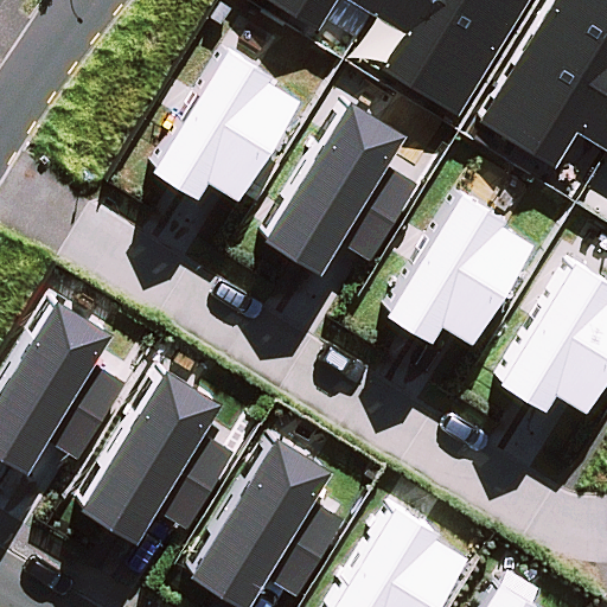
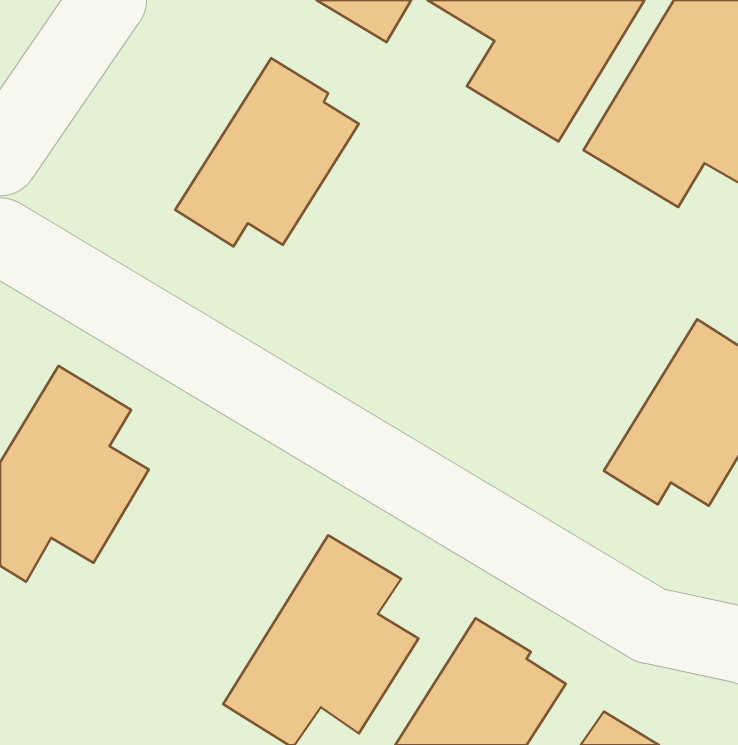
building: [261,102,421,275] -> none
building: [383,192,531,344] -> none
building: [77,366,236,543] -> none

